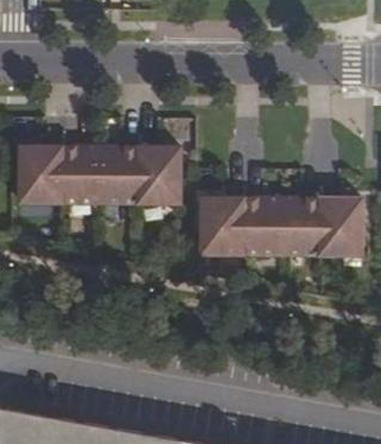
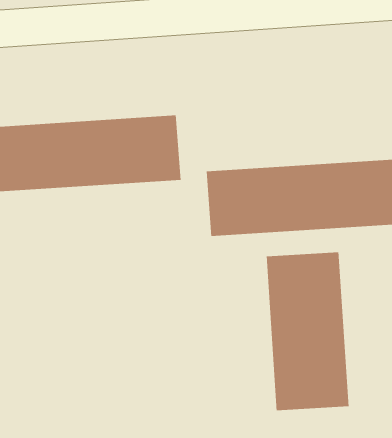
building: none -> [266,251,349,411]

